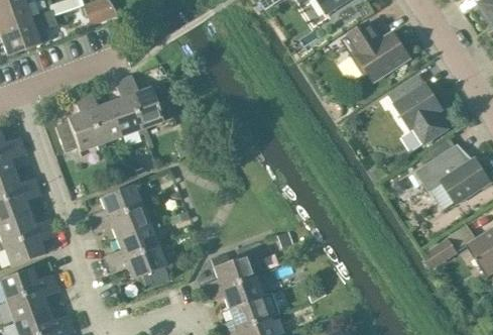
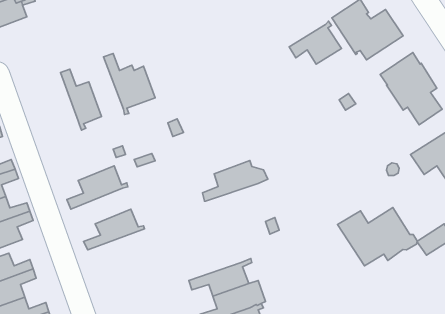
building: none -> [289,21,342,64]
building: [108,78,142,135] -> none
building: [53,93,101,152] -> none
building: [91,203,148,238] -> none
building: none -> [338,208,417,266]
building: [107,243,164,280] -> none
building: [201,253,263,293] -> [202,160,268,201]

